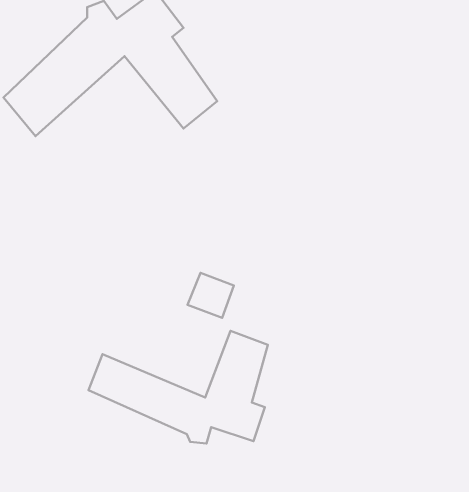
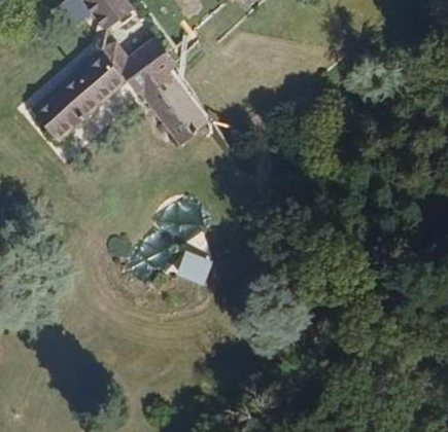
building: [89,331,268,444] -> none

